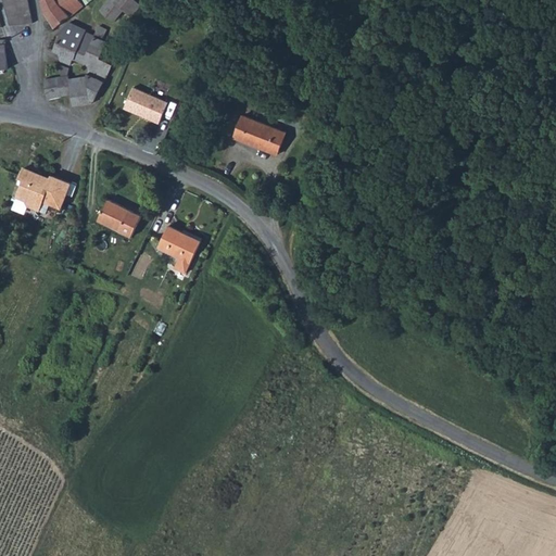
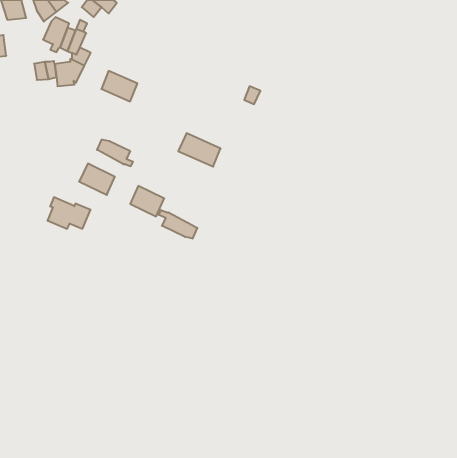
building: [235,116,286,156] -> [178,133,221,167]
building: [15,168,67,206] -> [47,197,91,229]
building: none -> [97,139,133,166]
building: none -> [159,210,197,239]

